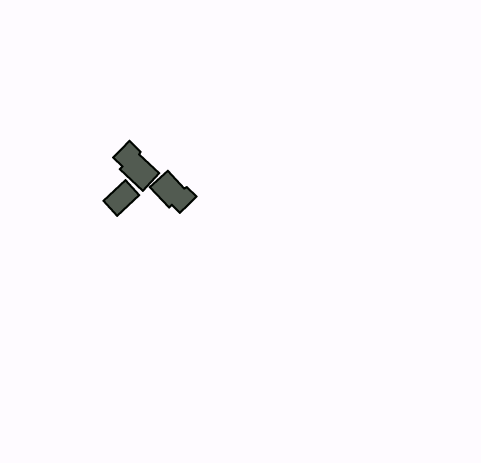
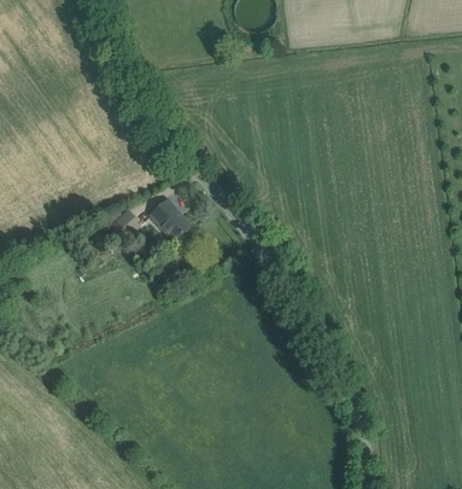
building: [113,141,159,191] -> none

